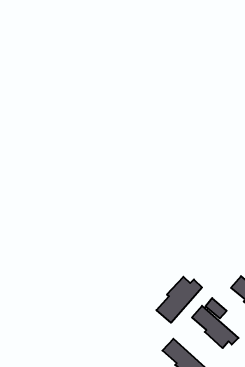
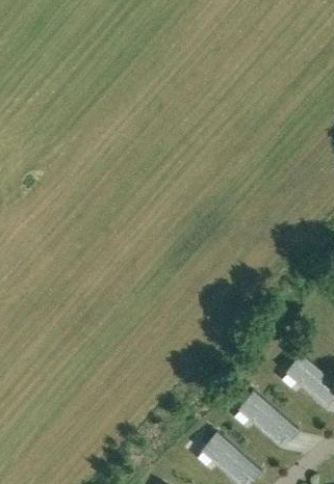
building: [156,277,202,323] -> none

